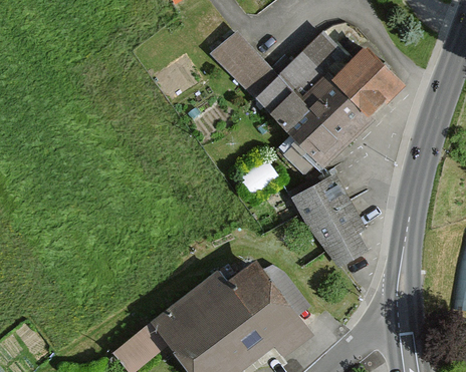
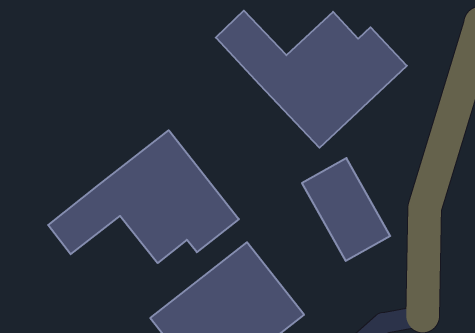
building: none -> [48,130,239,263]

